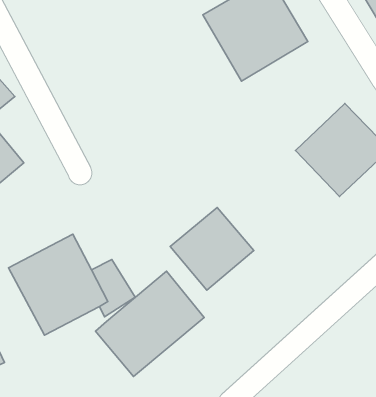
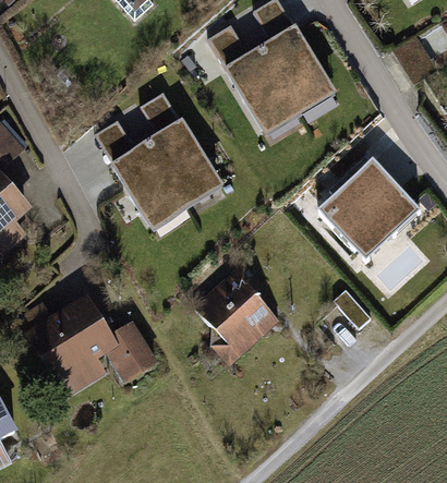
building: none -> [112,113,221,221]
building: [96,271,204,377] -> none

